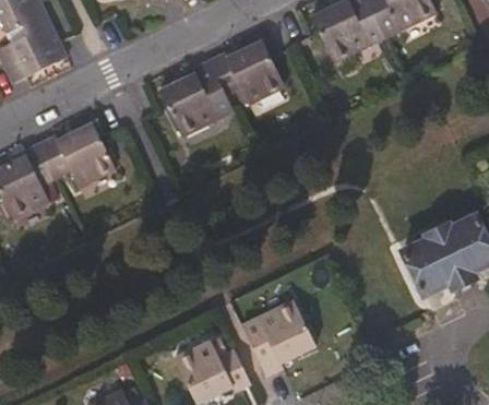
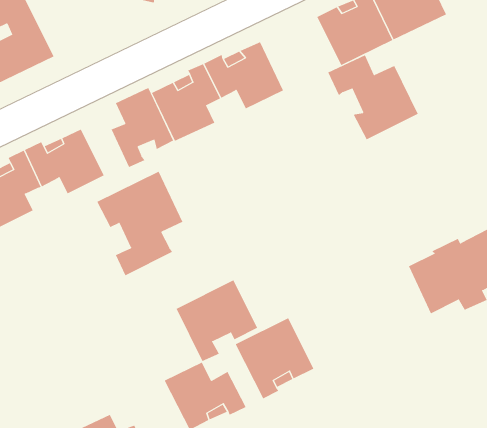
building: none -> [327,54,418,140]
building: none -> [111,87,174,168]
building: none -> [96,171,183,276]
building: none -> [176,280,258,362]

